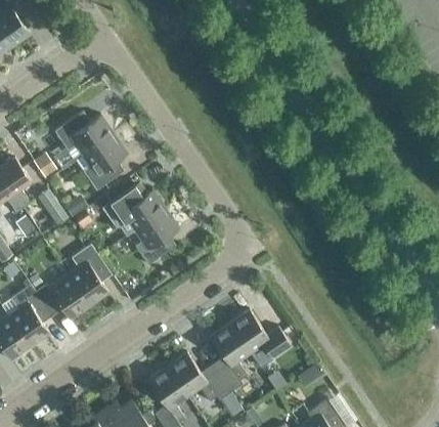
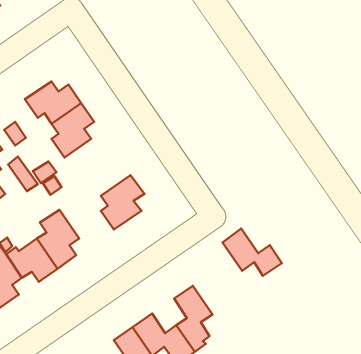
building: [102,186,165,237] -> none
building: [229,309,291,358] -> [222,229,282,276]

